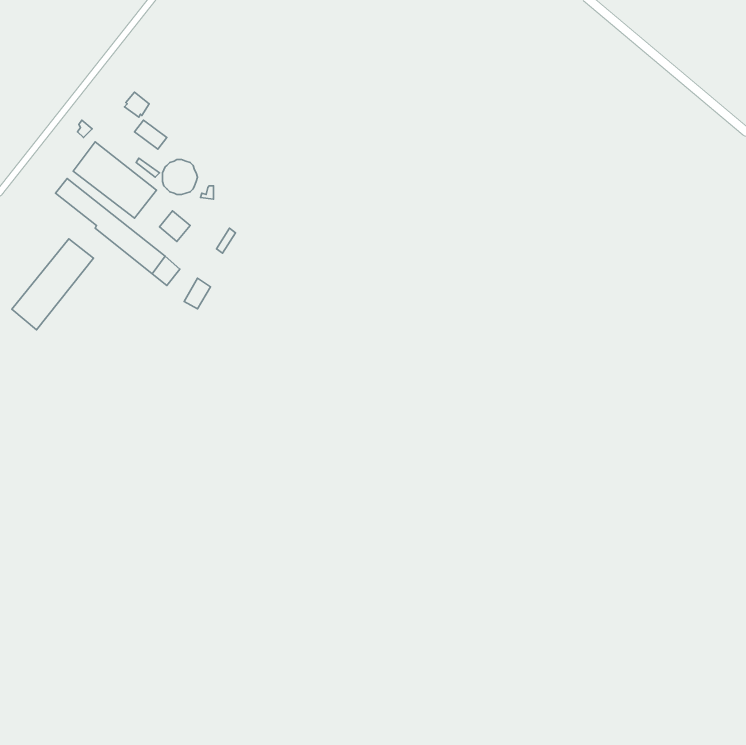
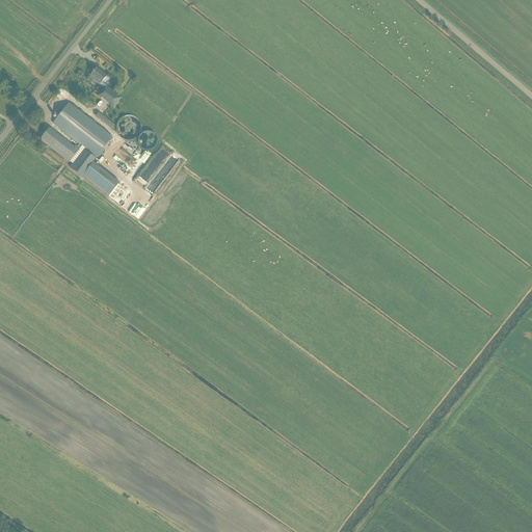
building: [12,239,93,330] -> none

